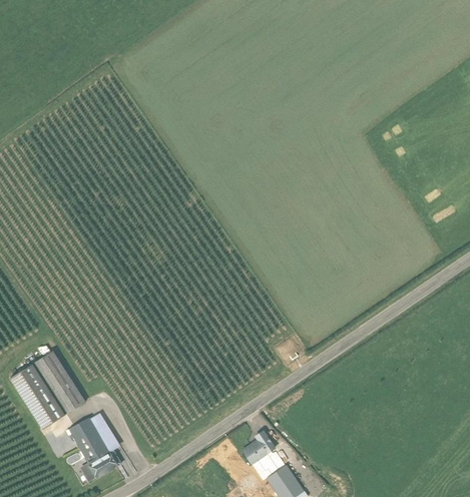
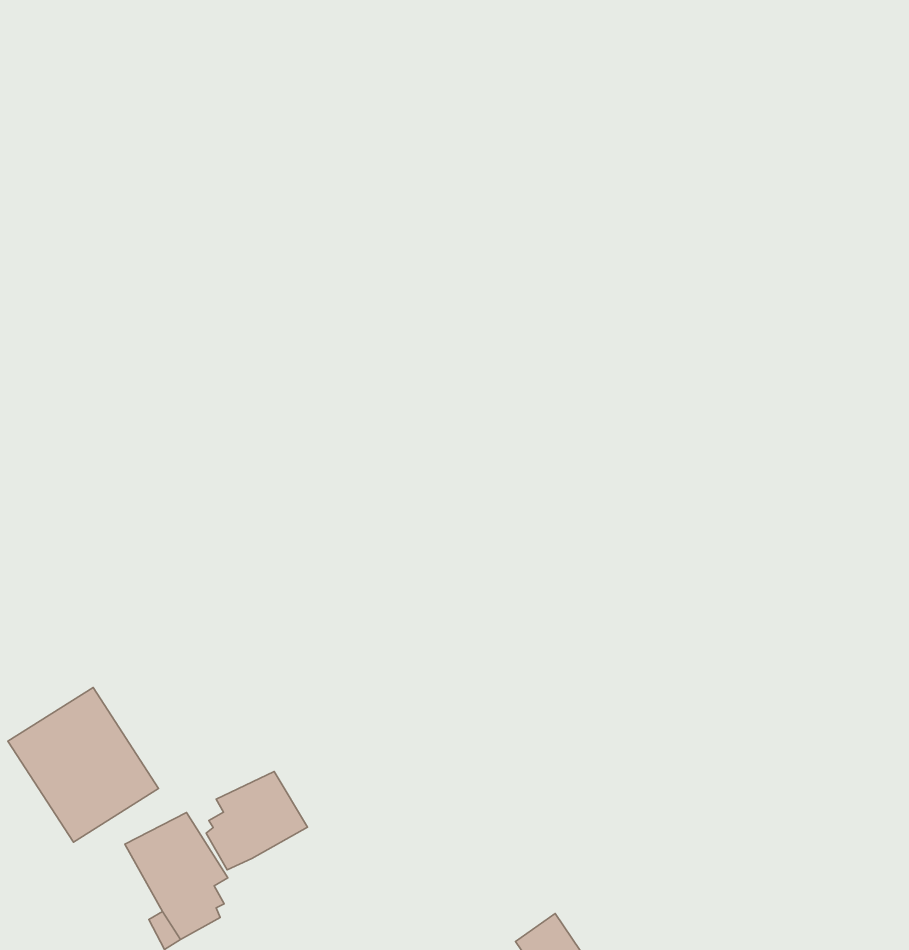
building: none -> [206,772,307,870]
building: [242,431,275,465] -> none

